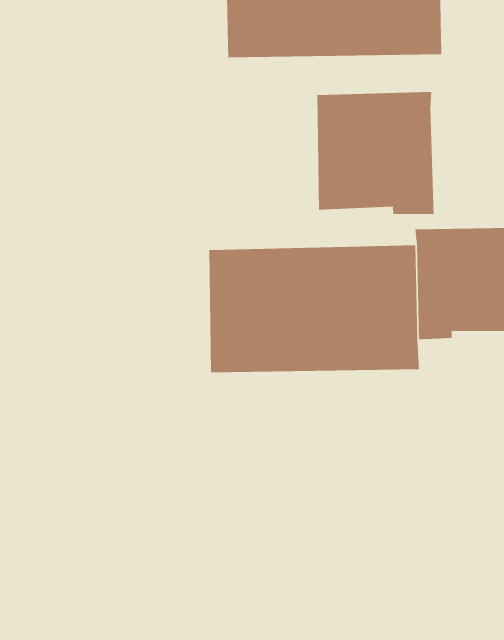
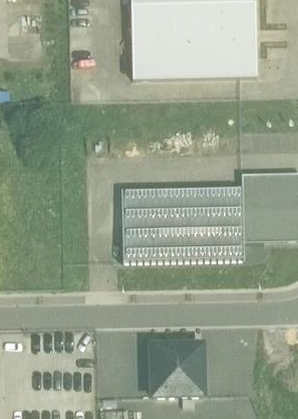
building: [317,91,434,215] -> none
building: none -> [153,343,204,394]

